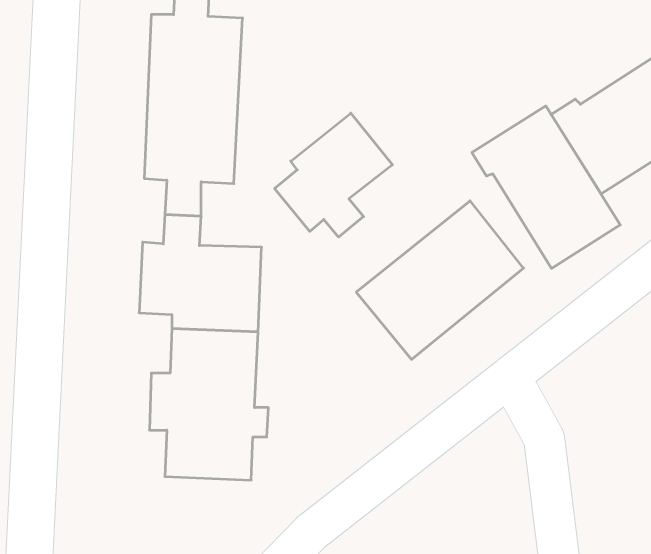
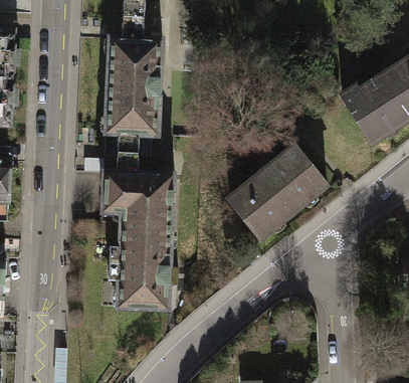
building: [472,106,620,268] -> none
building: [275,113,392,237] -> none

